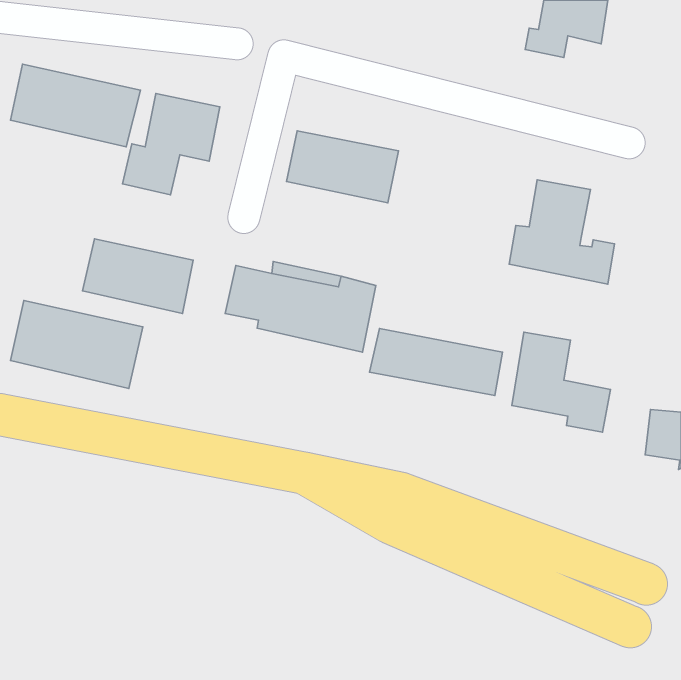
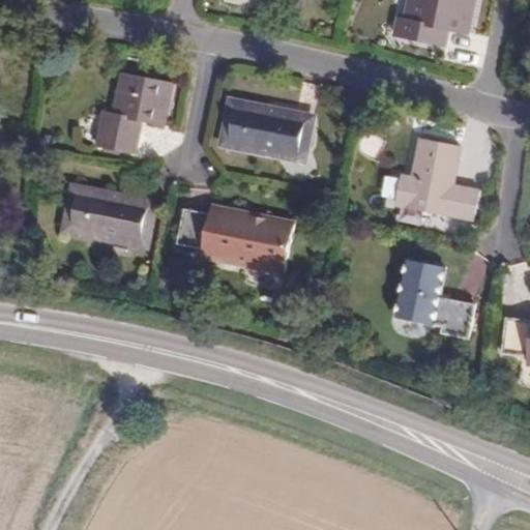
building: [10,64,140,147] -> none
building: [11,300,143,388] -> none
building: [370,328,503,396] -> none

